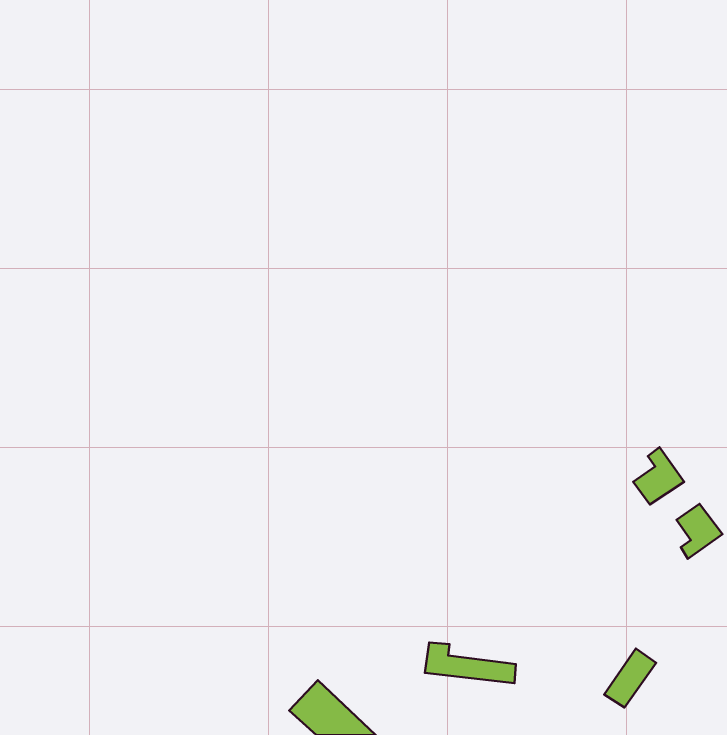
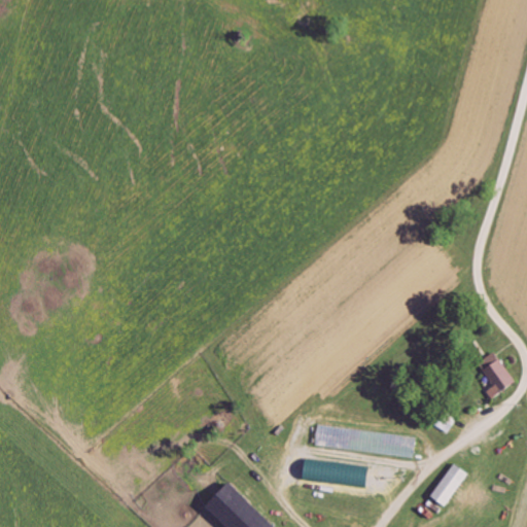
building: [633,447,684,504] -> none
building: none -> [312,424,413,458]

